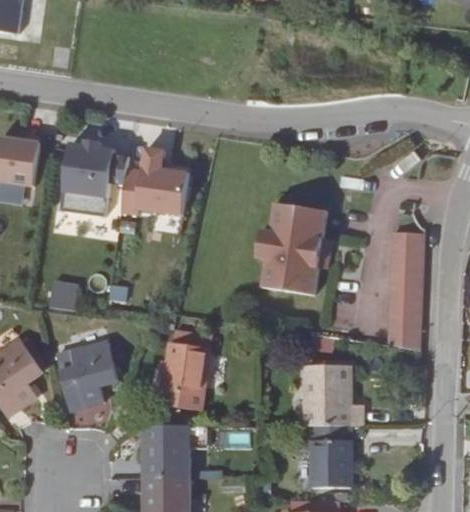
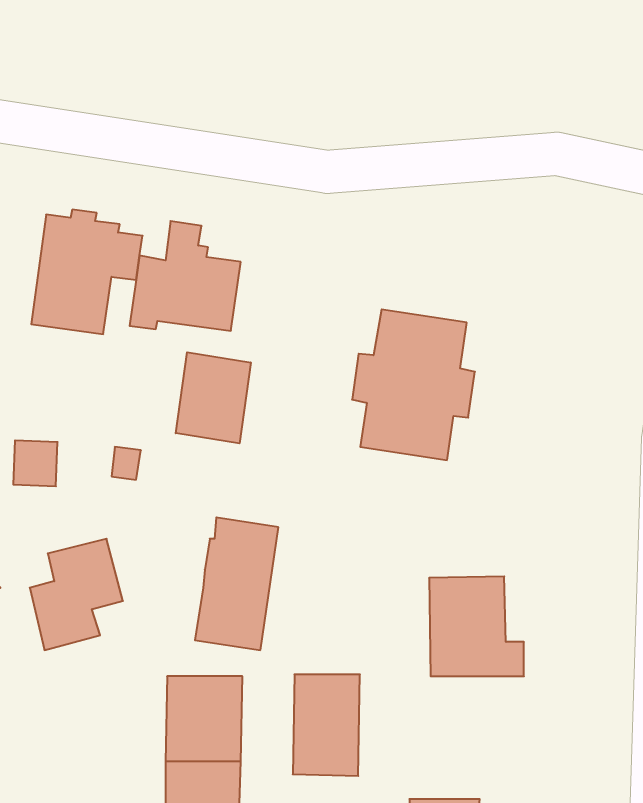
building: none -> [176,352,251,443]
building: [387,231,424,349] -> none
building: [309,425,350,487] -> [293,674,360,776]

